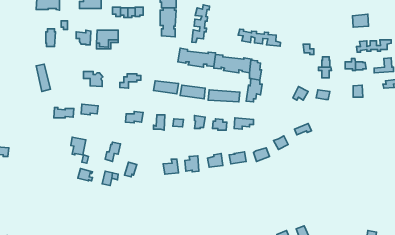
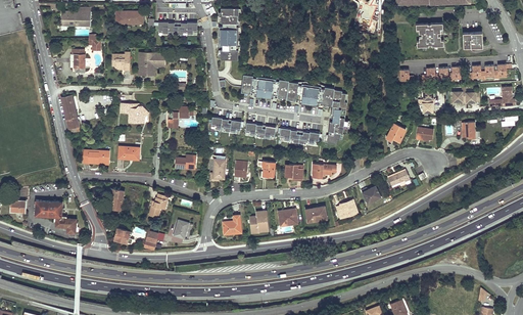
building: [192,5,210,42] -> none
building: none -> [415,22,443,47]
building: [238,29,281,46] -> none
building: none -> [422,66,460,82]
building: none -> [34,200,76,234]

